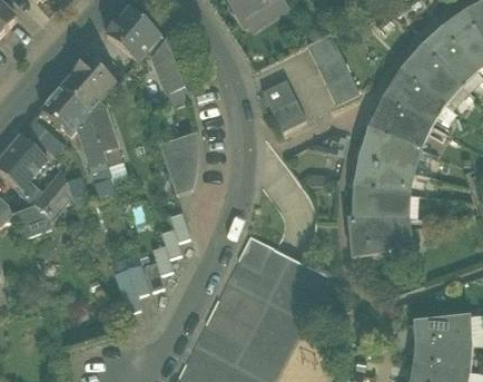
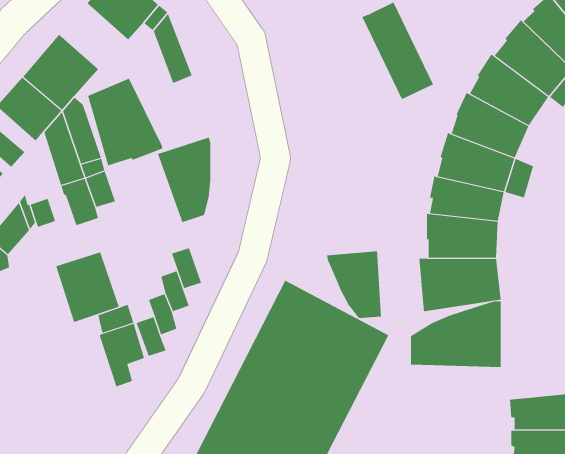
building: [262,78,305,130] -> none
building: none -> [87,78,163,166]
building: none -> [327,250,381,319]
building: none -> [56,252,120,323]
building: none -> [410,300,501,368]

